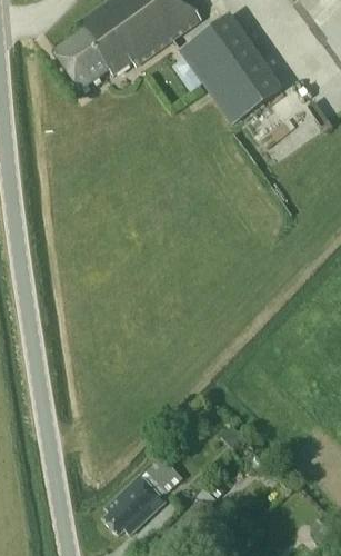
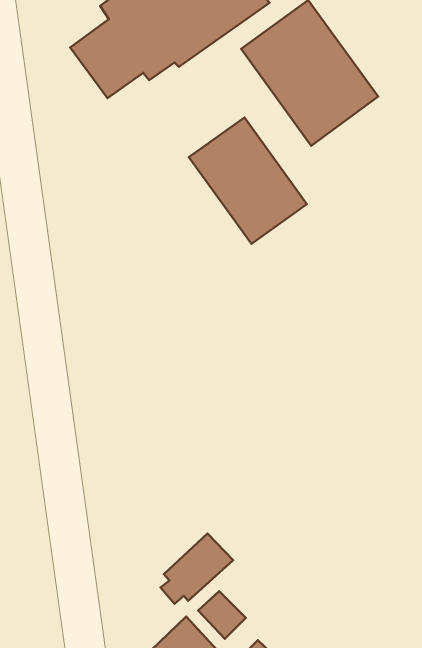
building: none -> [189,117,307,244]
building: none -> [160,533,233,604]

